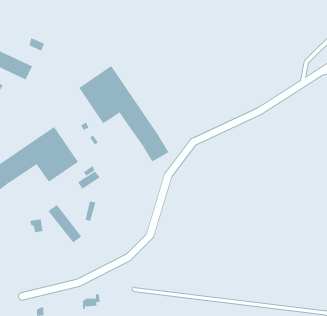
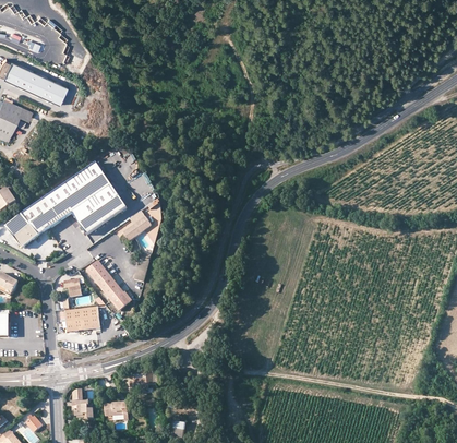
building: [78,65,169,162] -> none
building: none -> [64,307,99,332]

